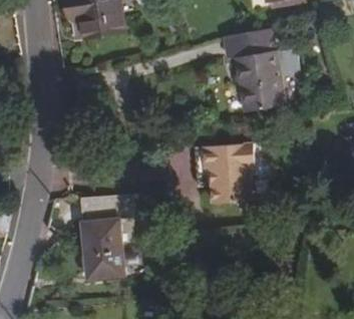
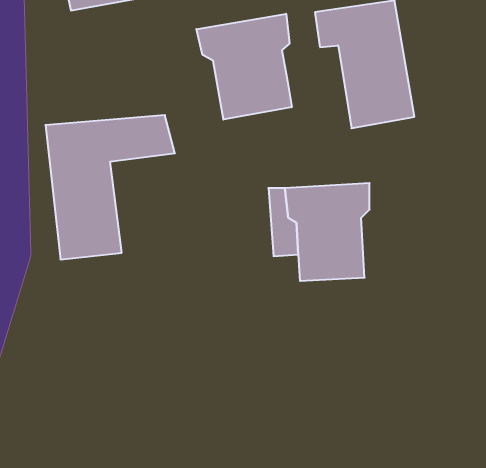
building: none -> [196,14,292,120]
building: [79,190,157,277] -> [45,115,175,259]

